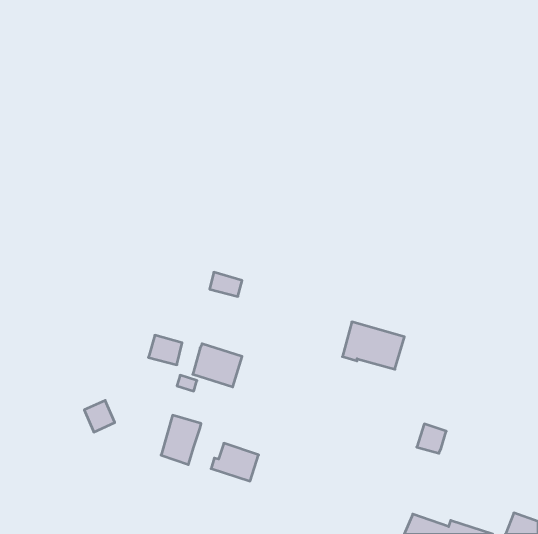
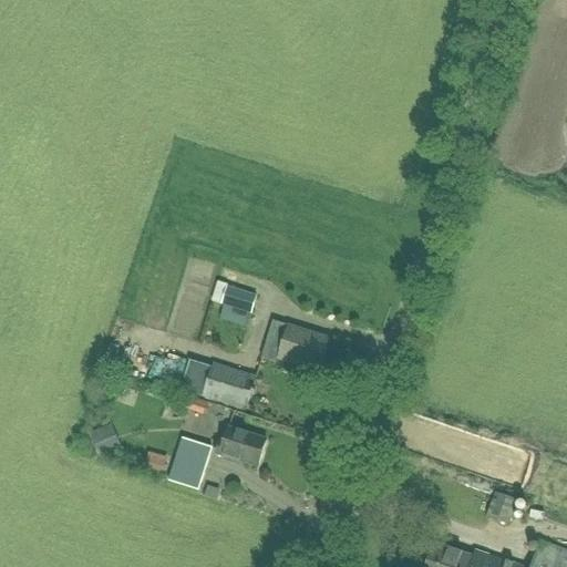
building: [342,322,404,369] -> [262,320,328,370]
building: [417,424,446,453] -> [486,491,517,522]
building: [211,443,259,481] -> [216,425,266,465]

